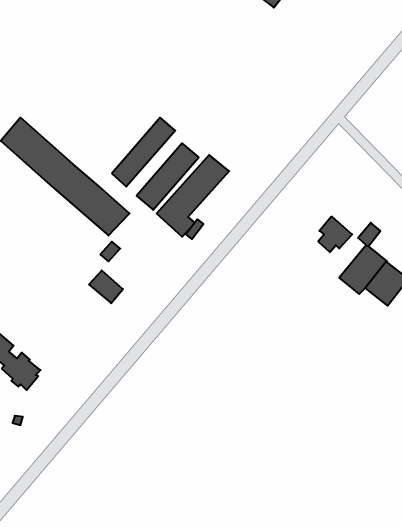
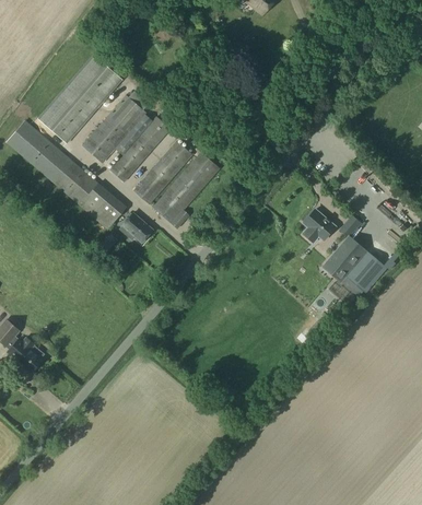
building: none -> [38,55,122,143]
building: none -> [83,95,145,162]
building: [89,270,123,303] -> [121,212,153,243]

